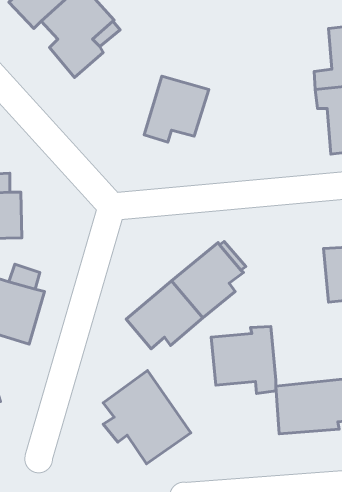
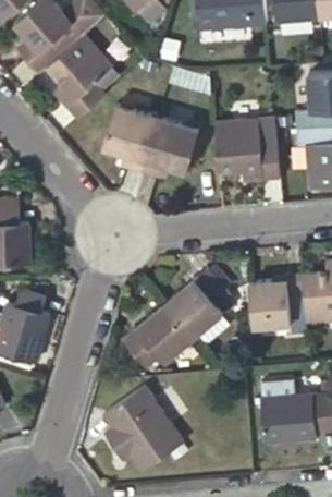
building: none -> [103,105,158,170]
building: none -> [216,118,281,180]
building: [211,326,276,393] -> [250,274,309,335]

